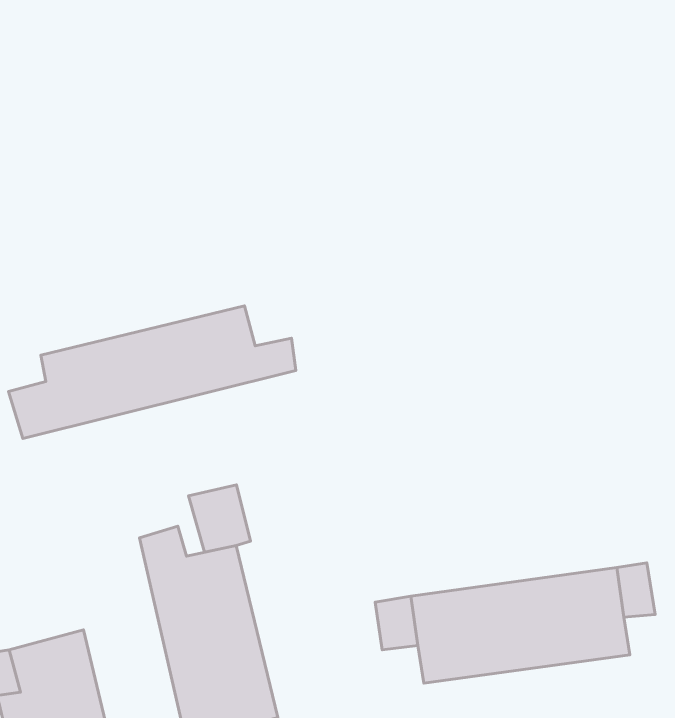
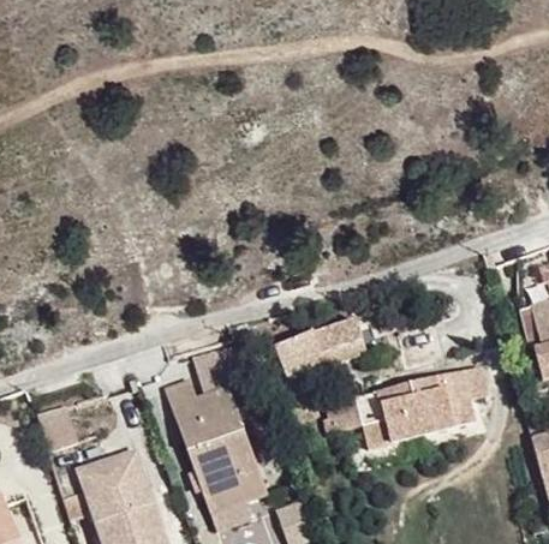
building: [9,306,296,439] -> none
building: none -> [276,321,360,372]

